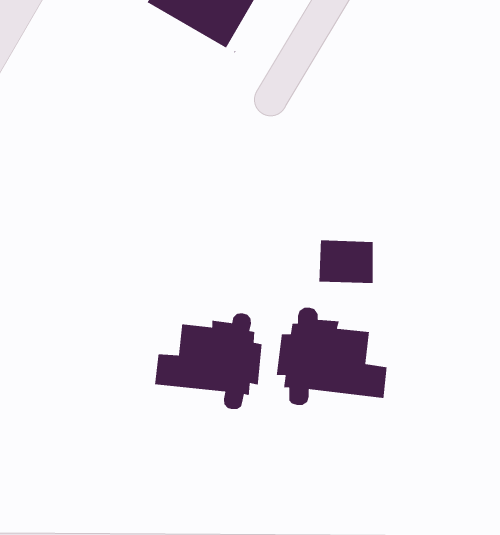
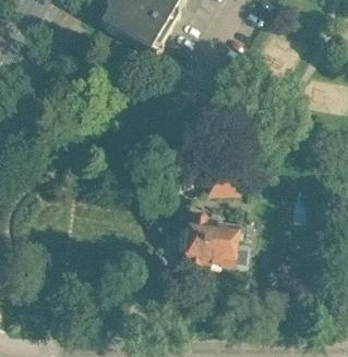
building: [154,313,263,410] -> none

